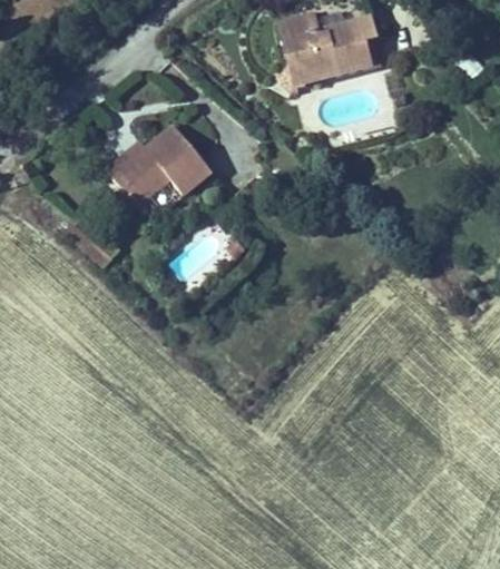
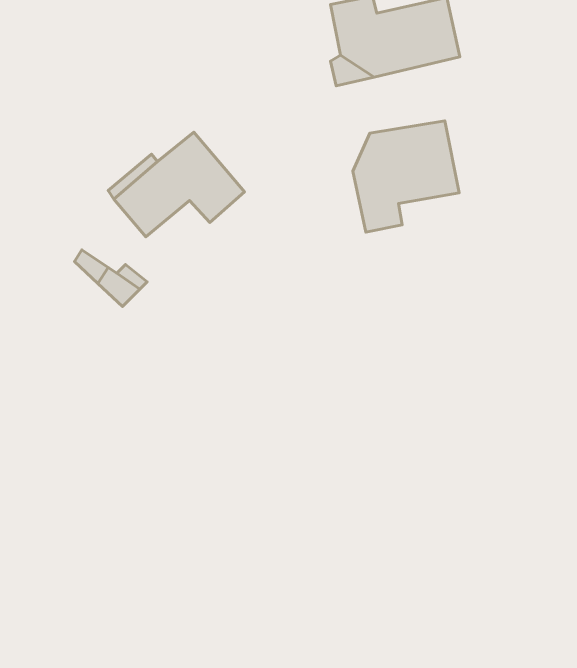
building: none -> [353,121,459,232]

